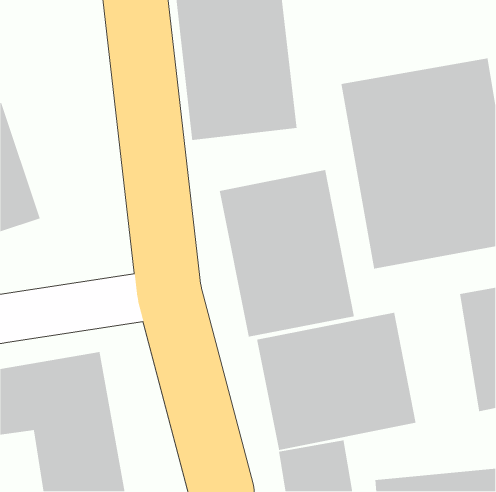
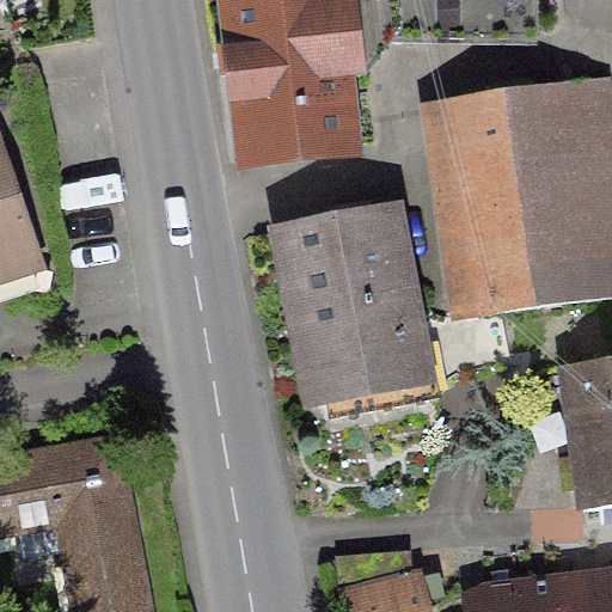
building: [256,312,416,451] -> none

